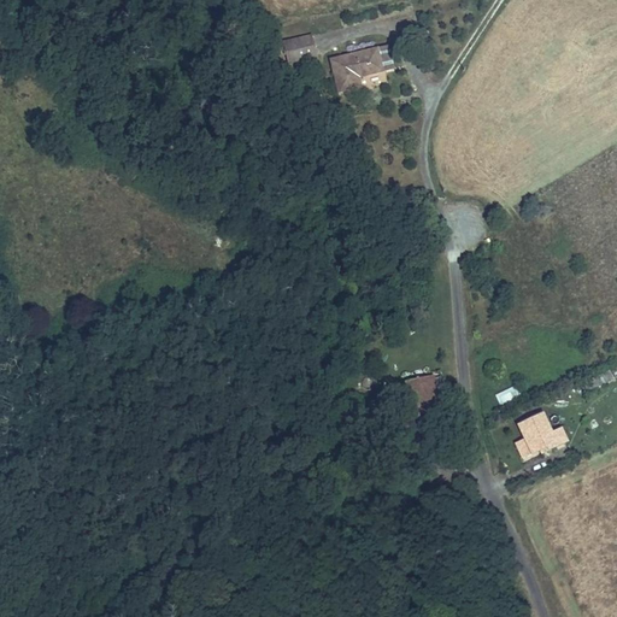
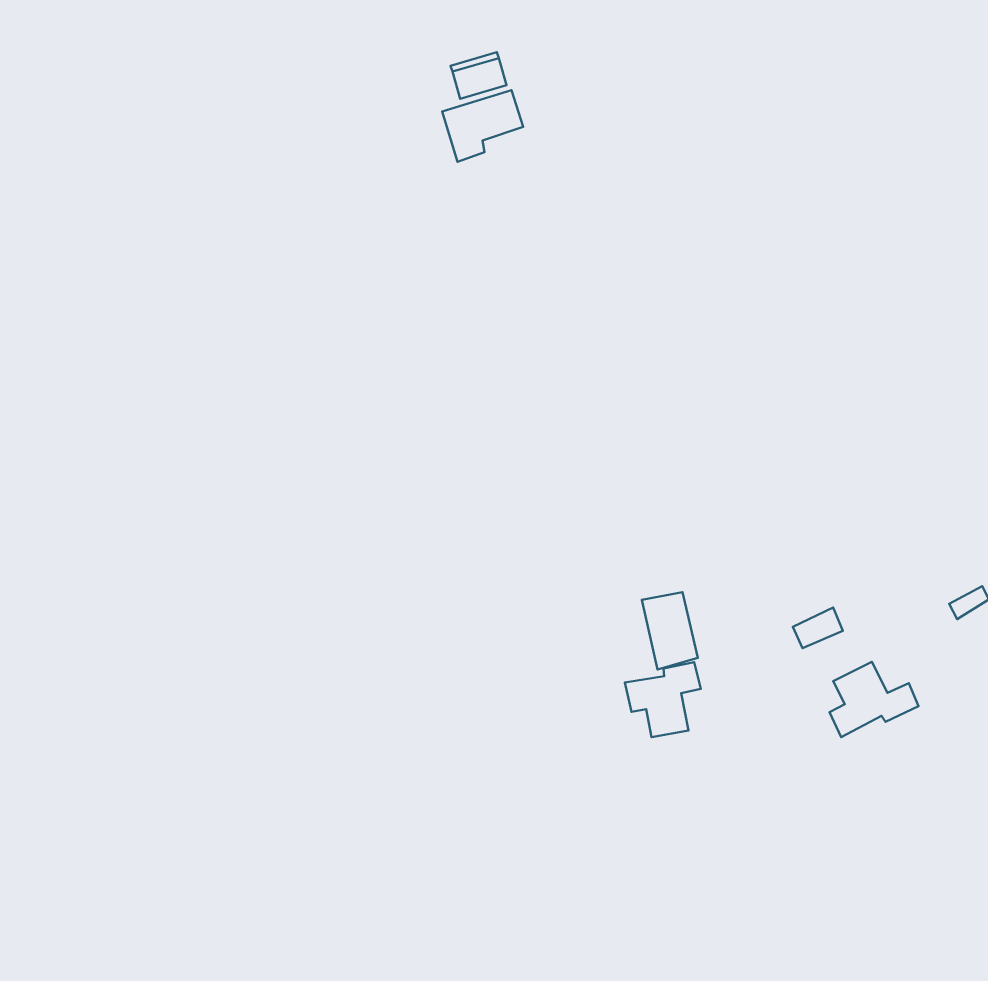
building: [333,43,383,88] -> [442,90,523,162]
building: none -> [625,662,701,737]

